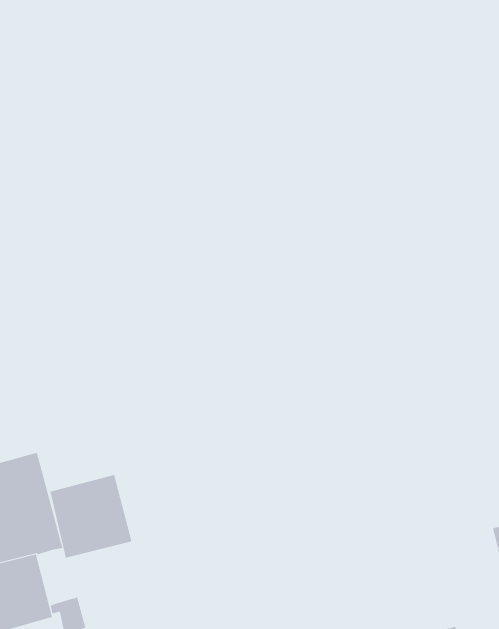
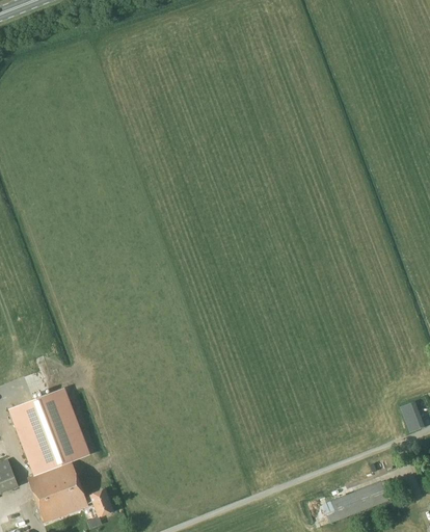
building: [50,474,132,558] -> none

